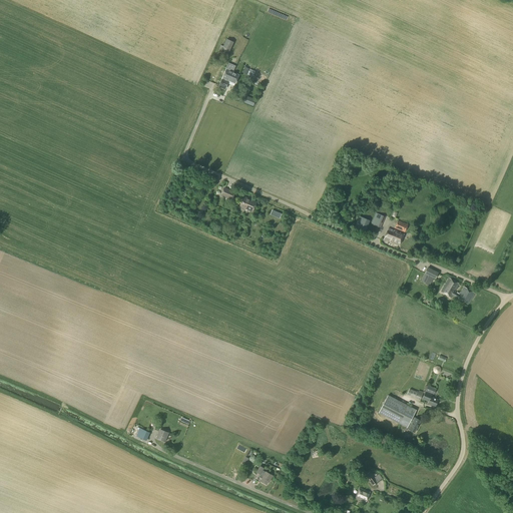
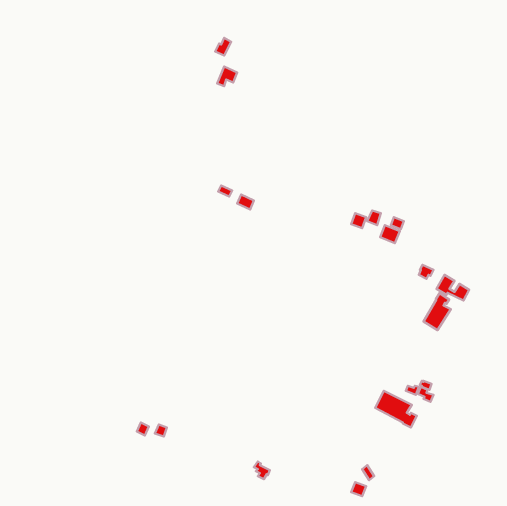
building: none -> [423,293,451,330]

